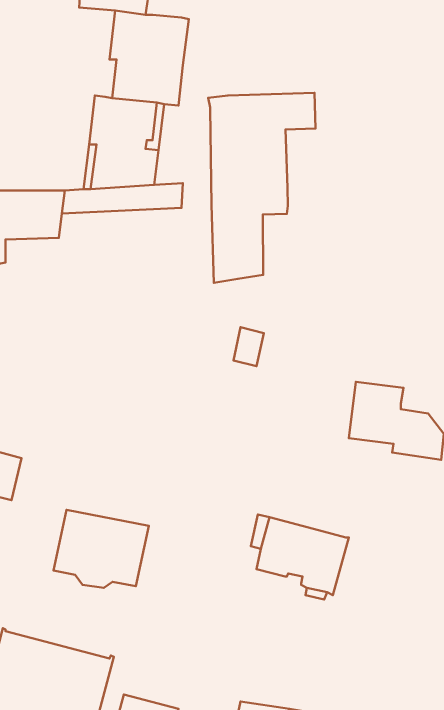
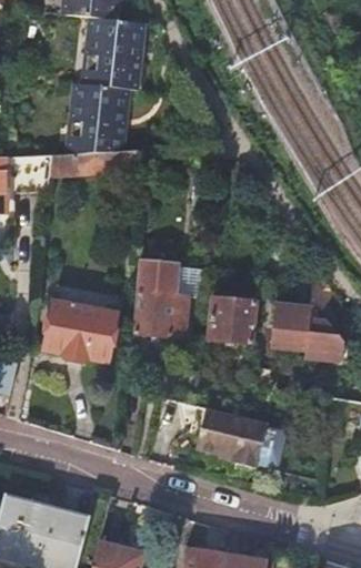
building: [208,93,316,283] -> none
building: none -> [136,260,190,337]
building: none -> [209,297,255,343]
building: [53,510,149,588] -> [44,302,118,362]

